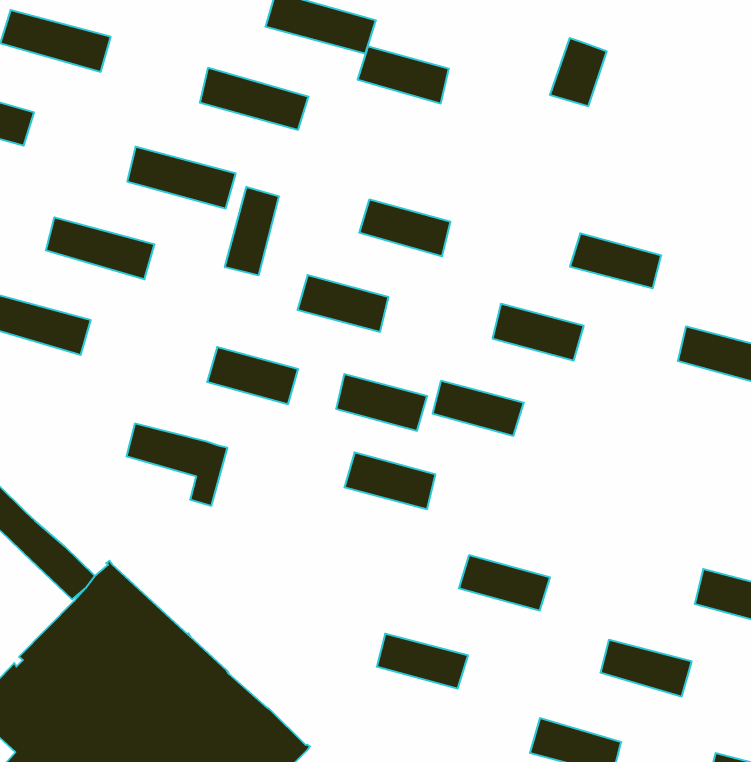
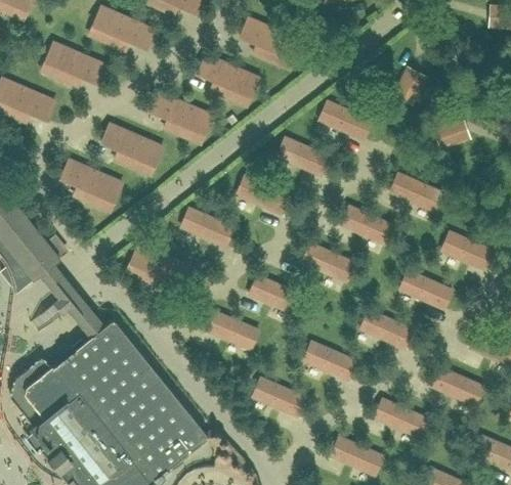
building: [358,47,449,103] -> [318,102,370,139]
building: none -> [433,118,471,149]
building: [225,187,279,275] -> none
building: [336,374,427,431] -> [206,313,257,350]
building: none -> [399,272,451,309]
building: none -> [360,312,412,349]

